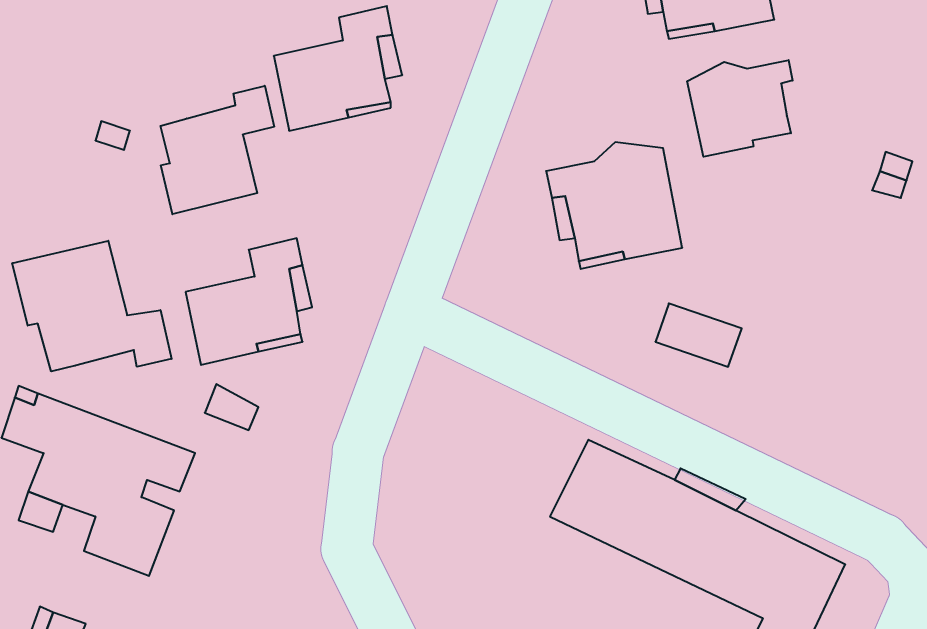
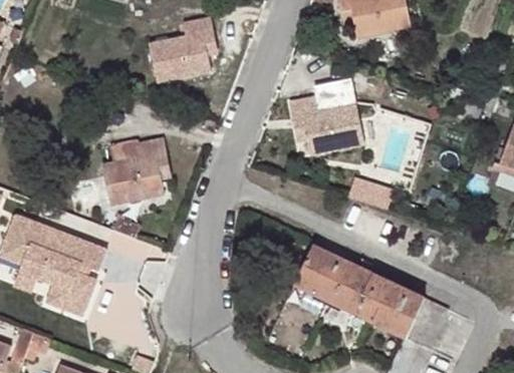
building: [687,60,793,157] -> none
building: [160,86,274,214] -> none
building: [12,241,172,371] -> none

